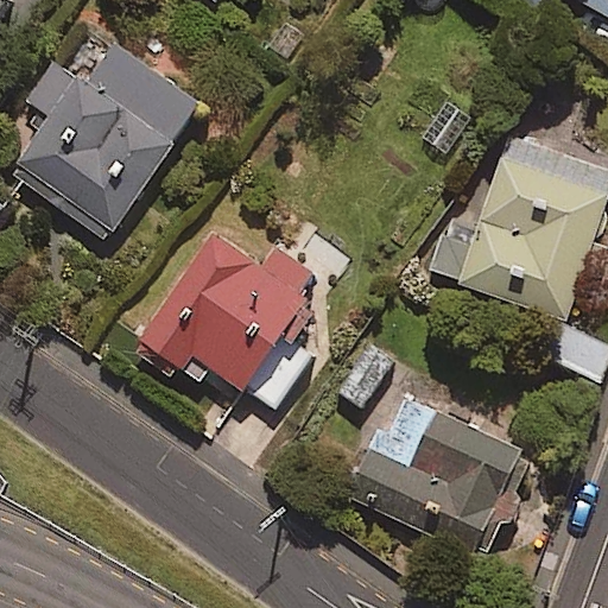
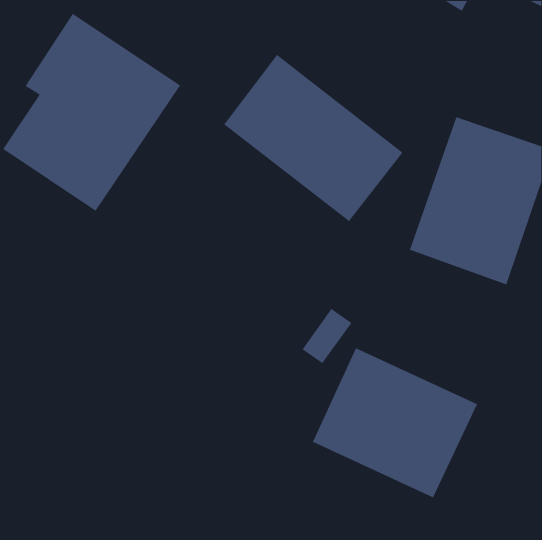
building: none -> [223,54,404,222]
building: [138,216,328,411] -> none

